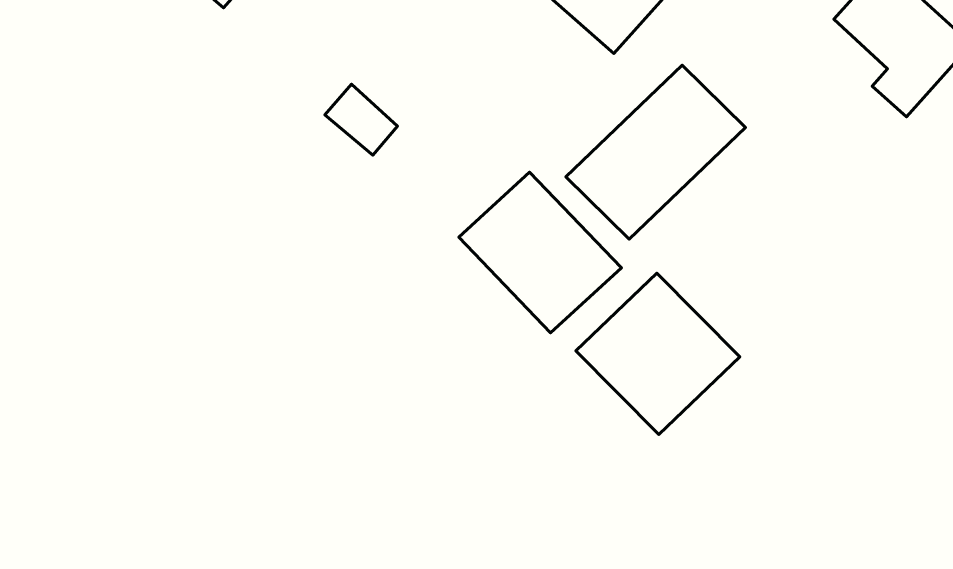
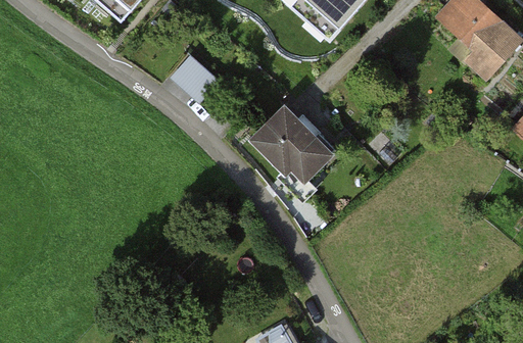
building: [566,65,745,239] -> none
building: [576,273,740,435] -> none

